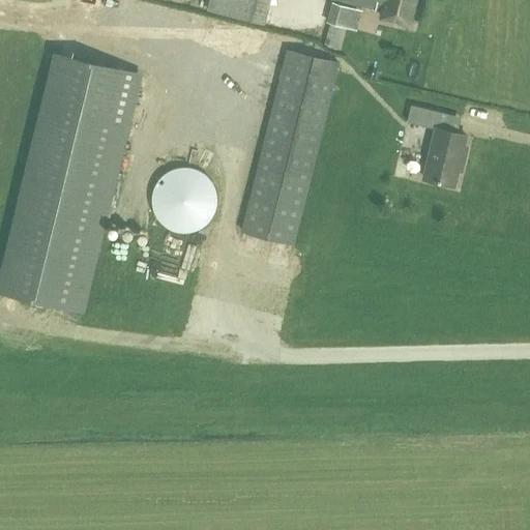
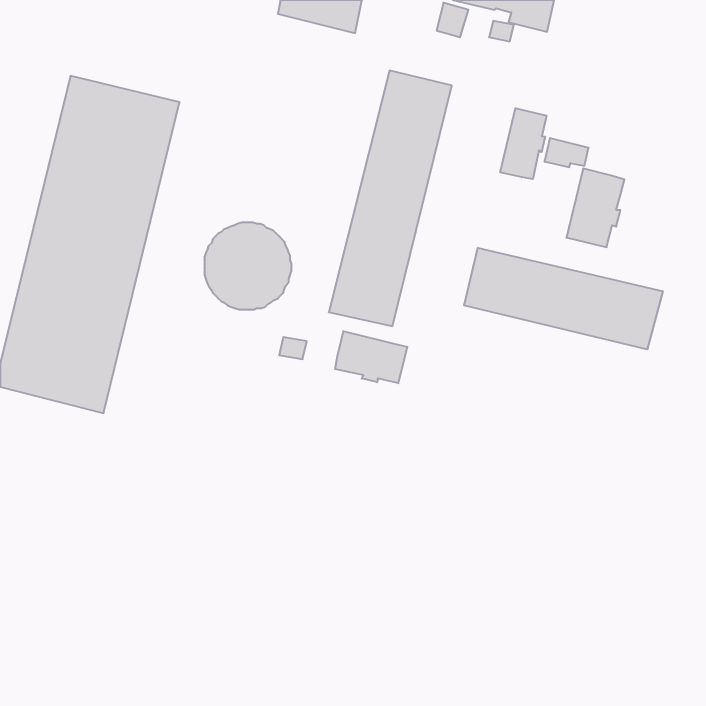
building: none -> [500,108,546,179]
building: none -> [464,248,663,349]
building: none -> [335,331,407,383]

